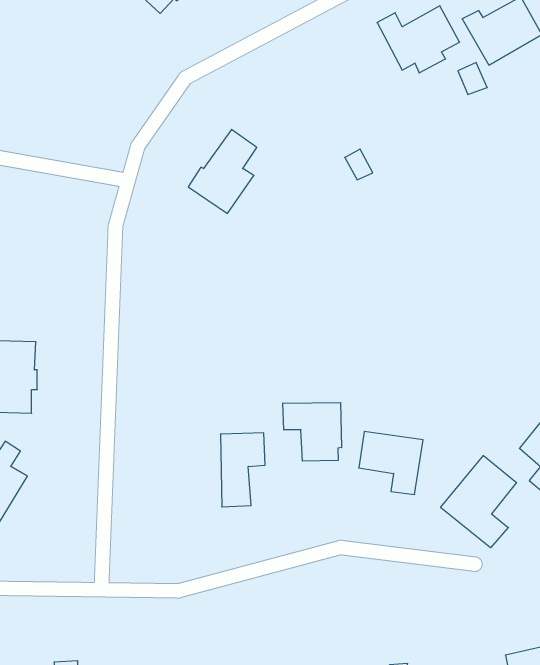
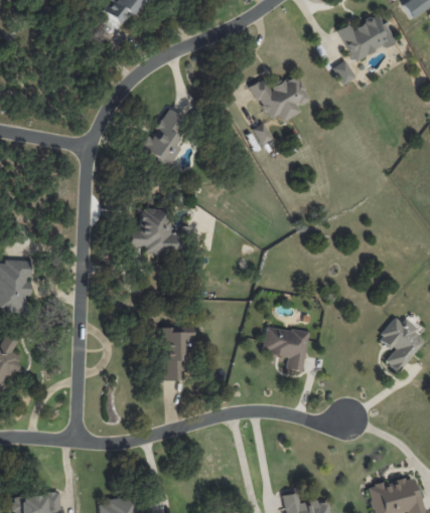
building: [377,6,460,73] -> [251,73,310,122]
building: none -> [129,208,178,252]
building: [283,403,342,461] -> none
building: [441,456,517,548] -> none

